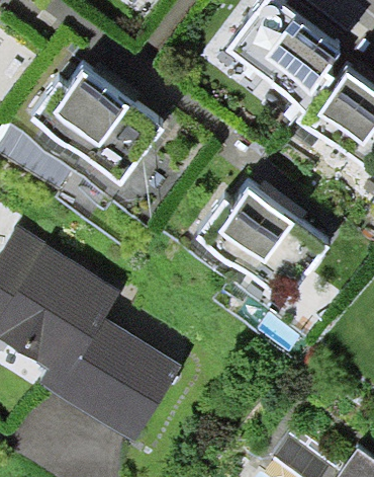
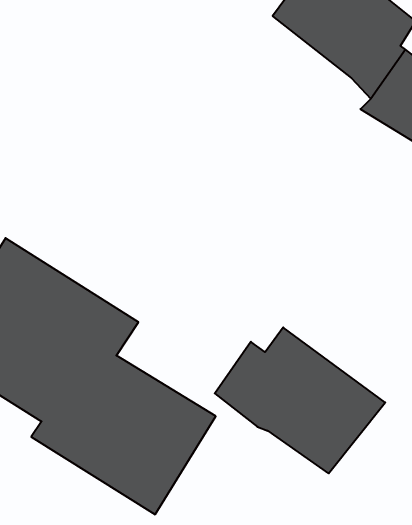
building: [30,71,163,185] -> none
building: [195,187,329,302] -> [215,327,385,473]

